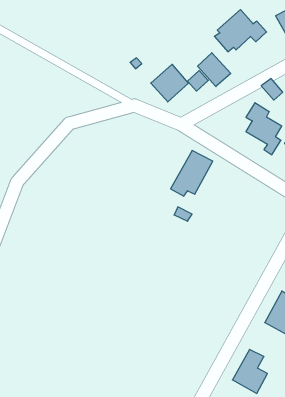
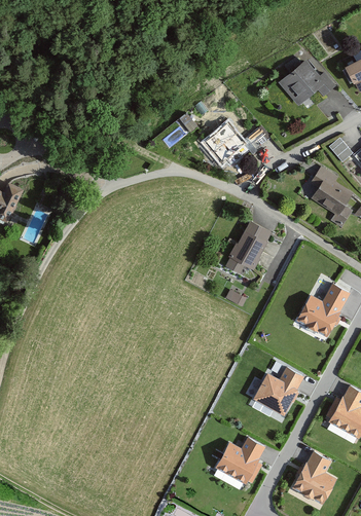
building: [198,53,231,87] -> none
building: none -> [298,284,349,333]
building: none -> [256,366,303,410]
building: none -> [217,437,264,480]

